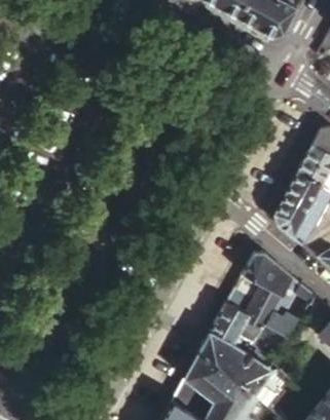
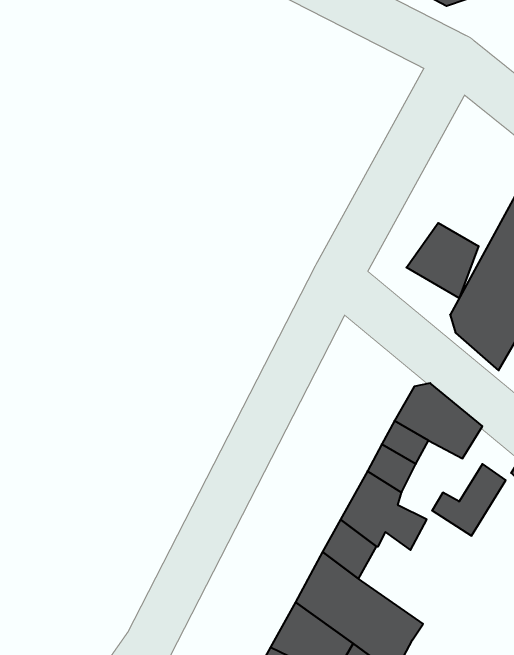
building: none -> [406,223,479,298]
building: [244,285,281,331] -> none
building: [221,346,269,390] -> none

